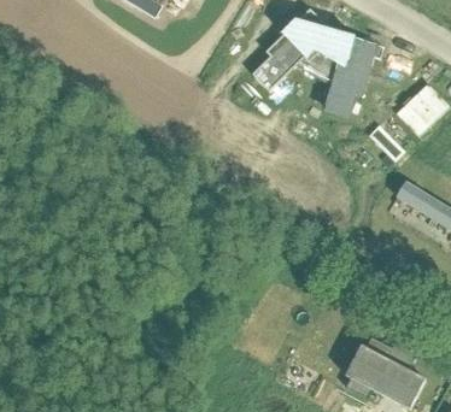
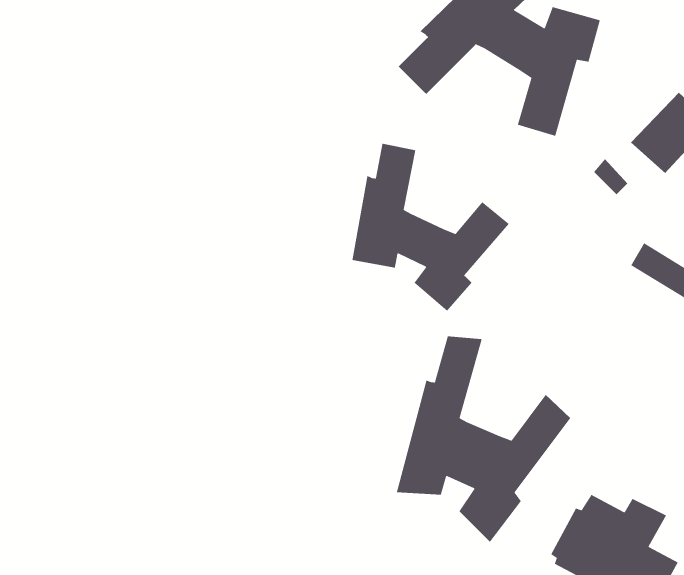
building: none -> [351,143,510,312]
building: none -> [396,335,571,543]

